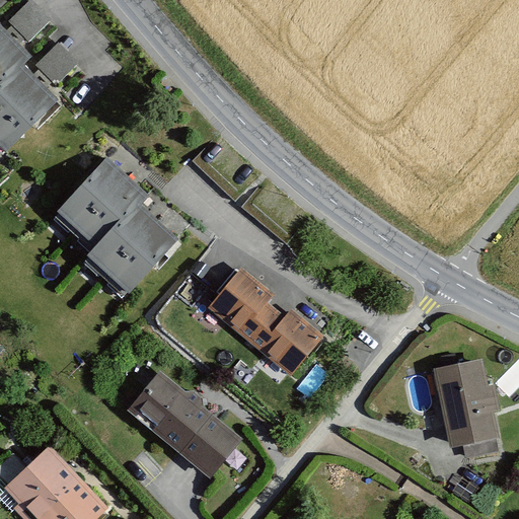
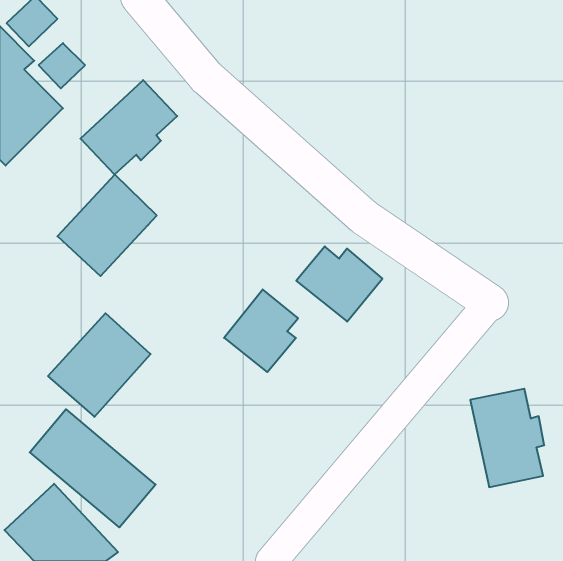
building: none -> [80,80,177,175]
building: [83,207,177,302] -> [48,313,151,417]
building: [245,310,324,379] -> [296,246,382,322]
building: [127,369,242,477] -> [30,409,156,527]

